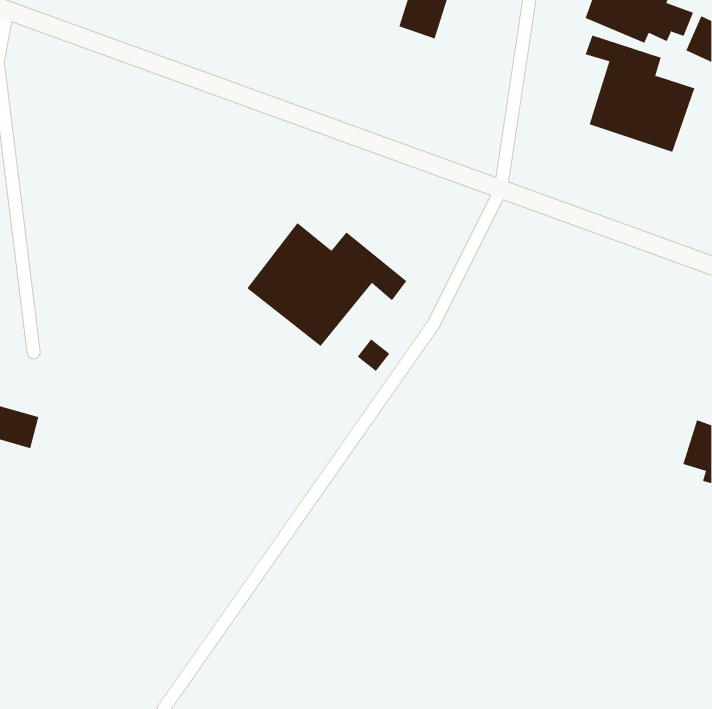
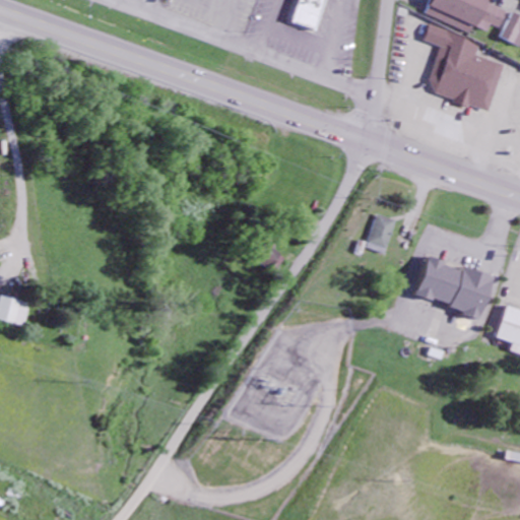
building: [247,222,407,347] -> none
building: none -> [363,212,395,253]
building: none -> [416,258,494,316]

